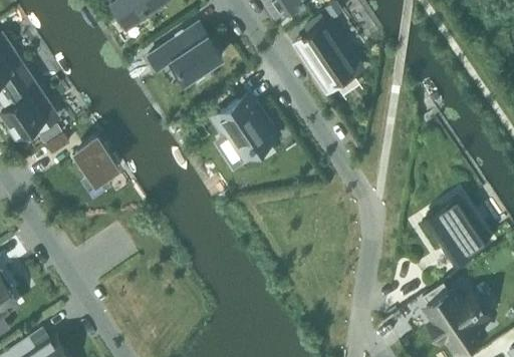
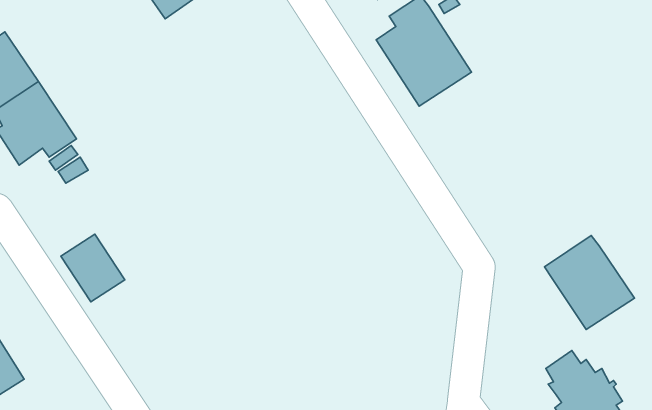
building: [147,22,224,85] -> none
building: [213,95,277,163] -> none
building: [71,135,120,188] -> [61,234,125,302]

